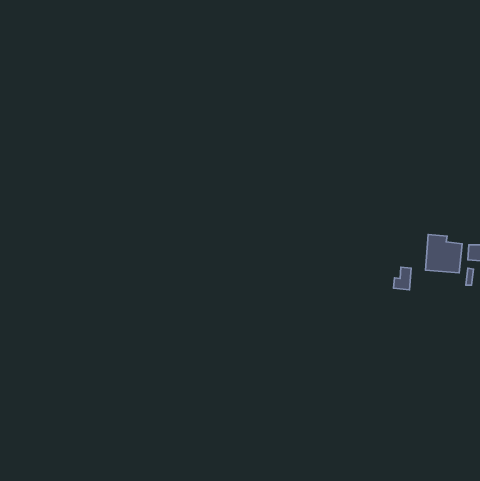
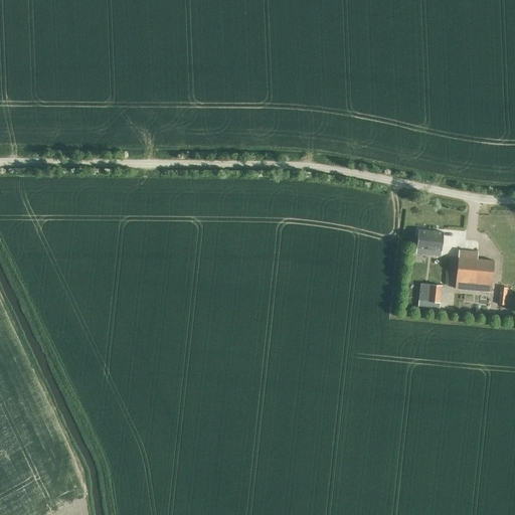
building: none -> [416,229,444,255]

